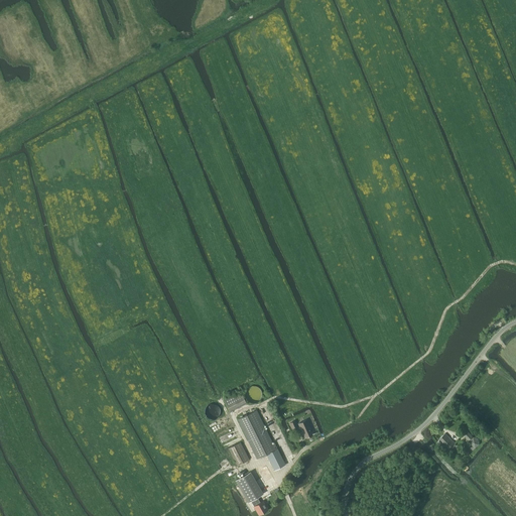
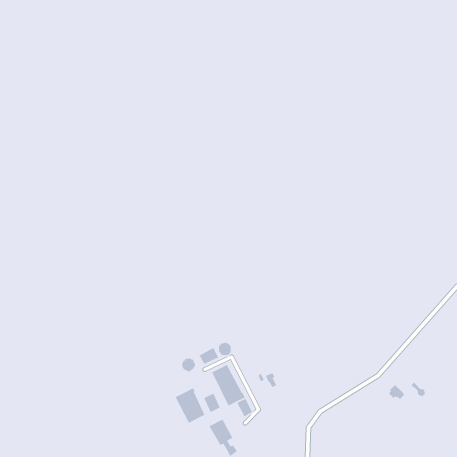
building: none -> [174,387,205,424]

